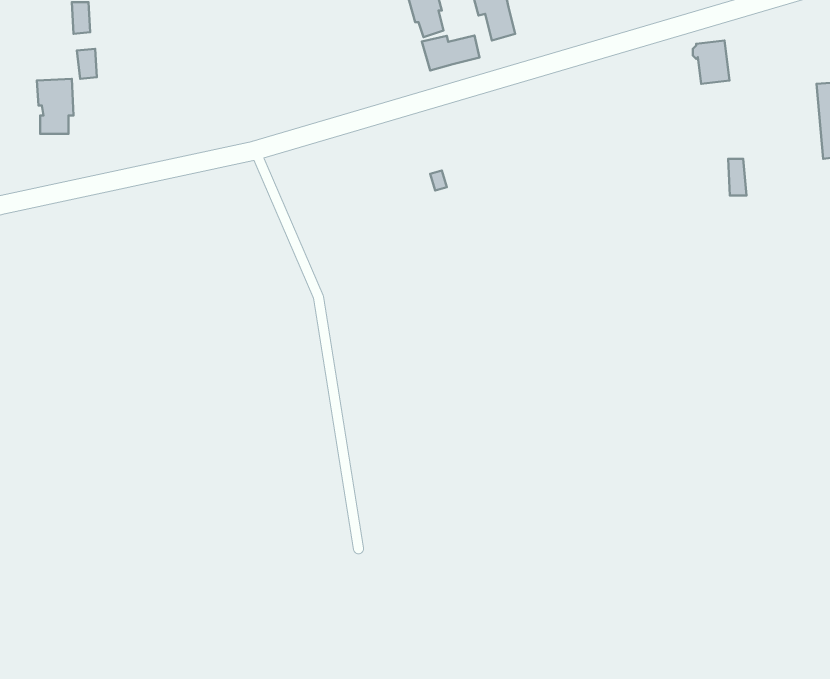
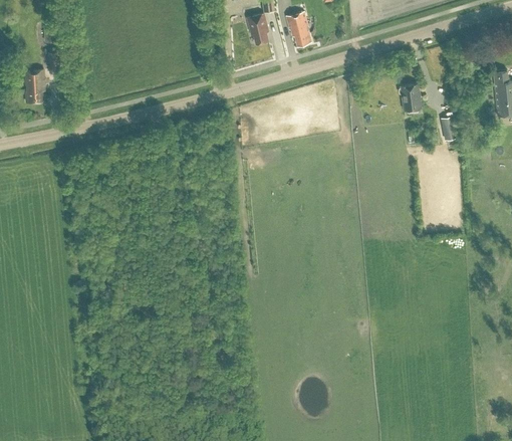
building: [422,35,479,71] -> none
building: [693,41,730,84] -> [400,85,422,112]

